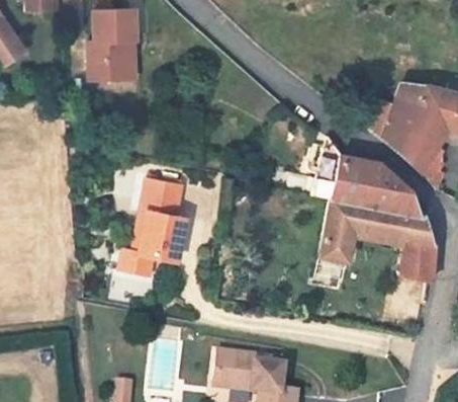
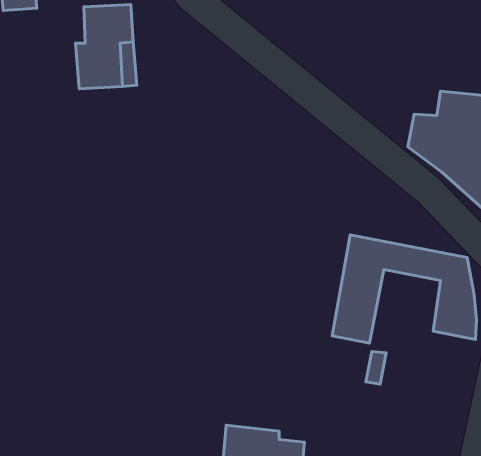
building: [307,137,409,217] -> none
building: [123,182,190,278] -> none

